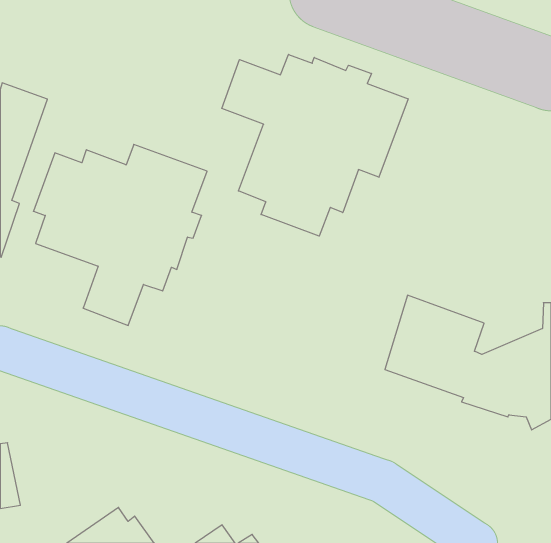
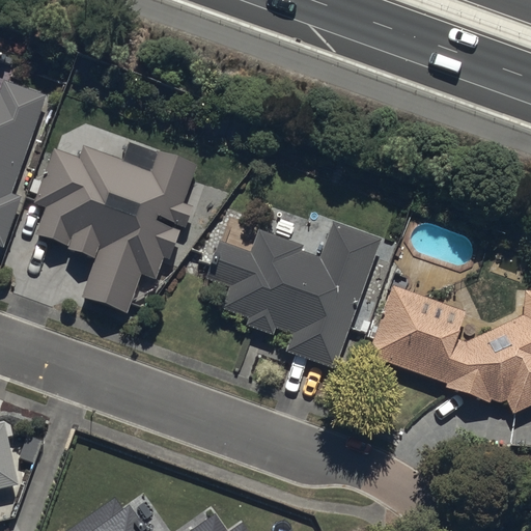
building: [222,54,408,236] -> none
building: none -> [204,221,382,366]

